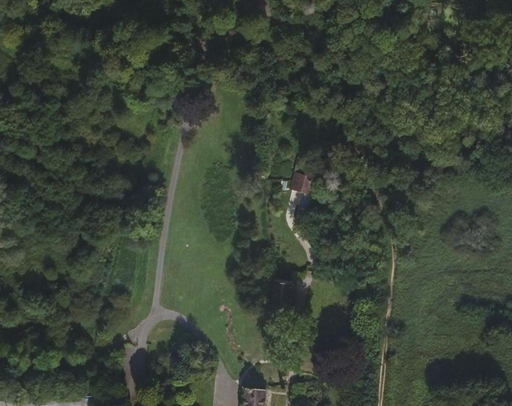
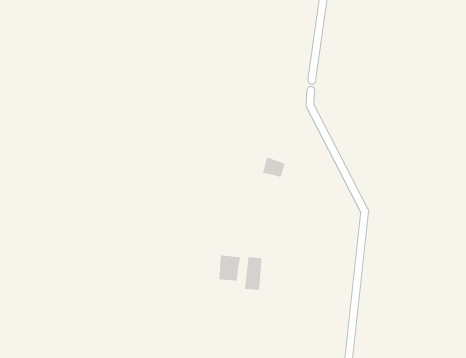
building: none -> [218,255,241,281]

